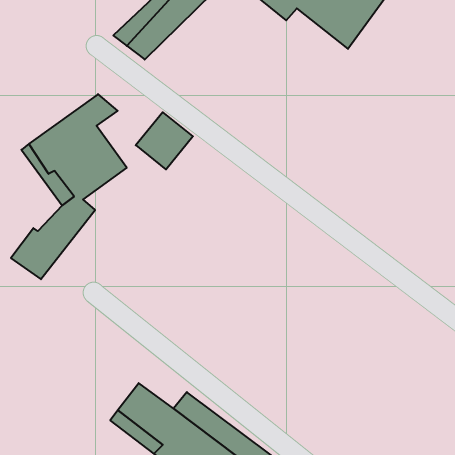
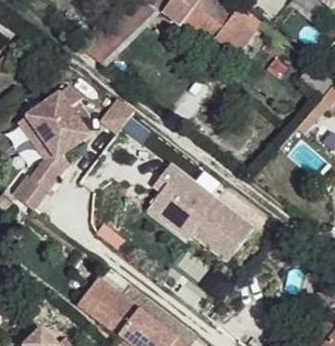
building: none -> [148,162,254,259]

